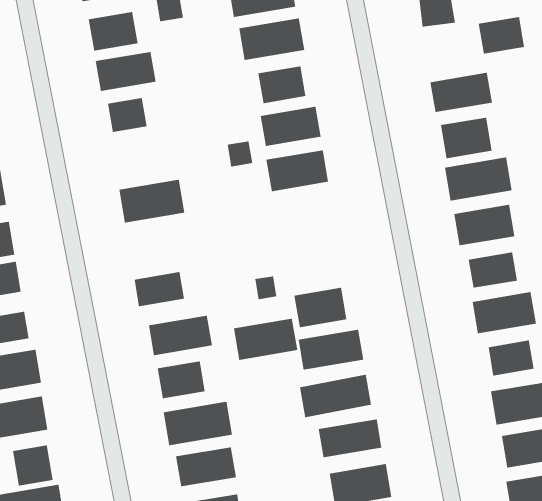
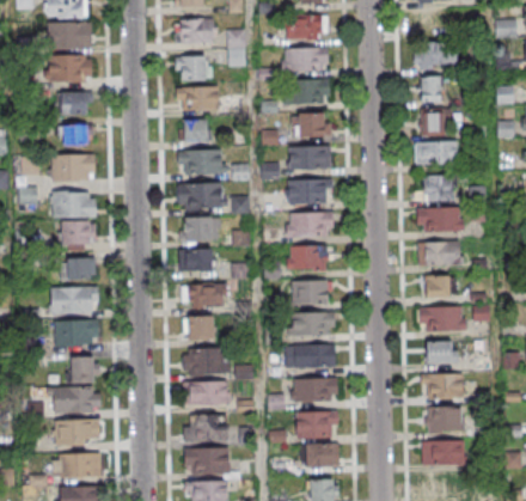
building: [478,17,525,54] -> [420,112,451,135]
building: none -> [178,149,226,173]
building: none -> [286,213,332,238]
building: none -> [181,218,216,240]
building: [233,318,298,360] -> [288,246,332,270]

